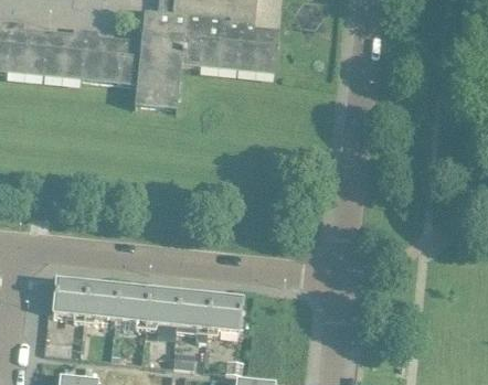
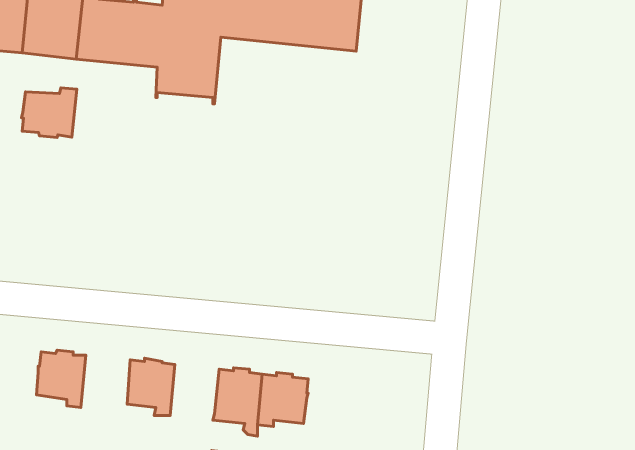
building: none -> [22,88,77,138]
building: [83,282,117,321] -> none
building: [145,289,179,327] -> none

